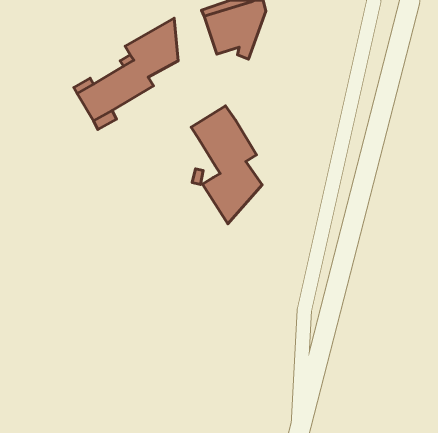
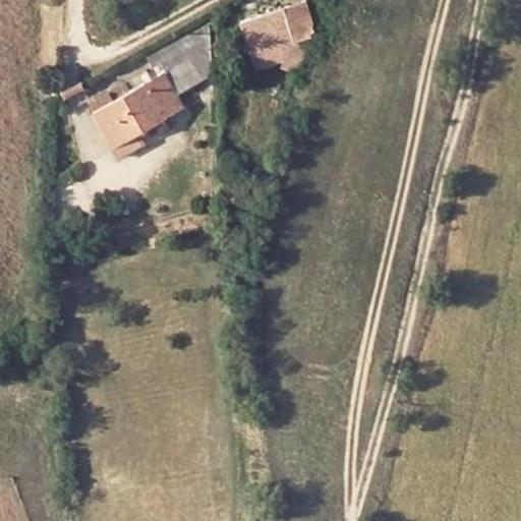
building: [191,106,262,224] -> none

